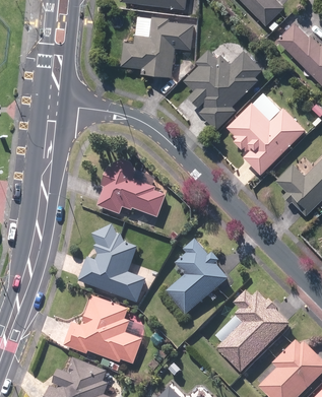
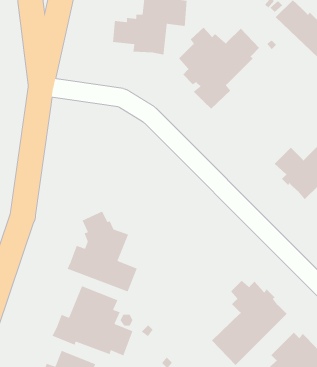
building: [228,102,306,174] -> none
building: [98,159,167,217] -> none
building: [166,239,229,315] -> none

